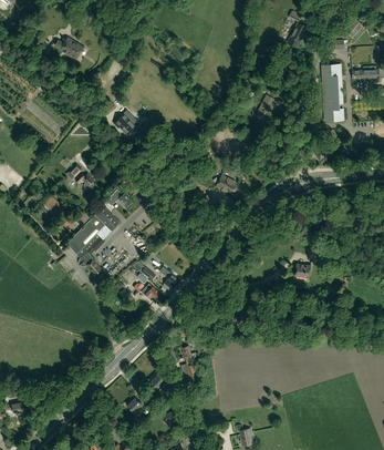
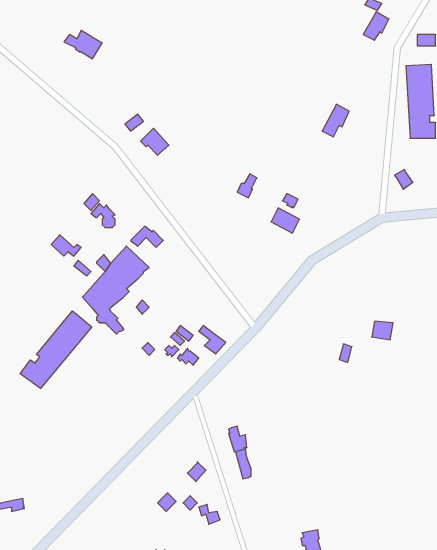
building: none -> [20,311,92,388]

